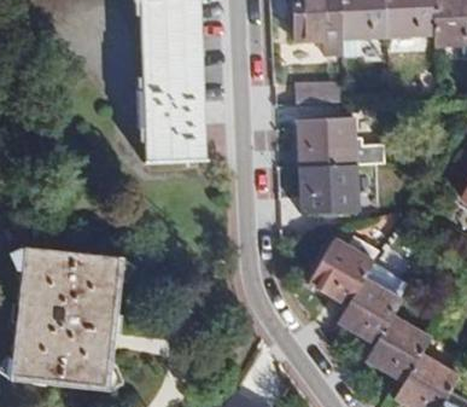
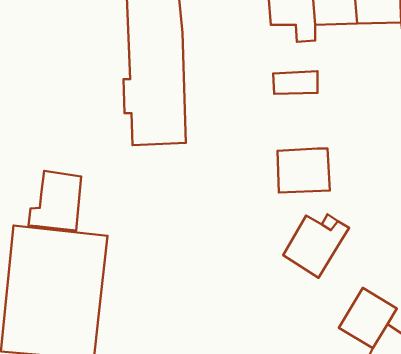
building: [300,121,356,169] -> none
building: none -> [28,171,81,231]
building: [339,277,402,342] -> none

